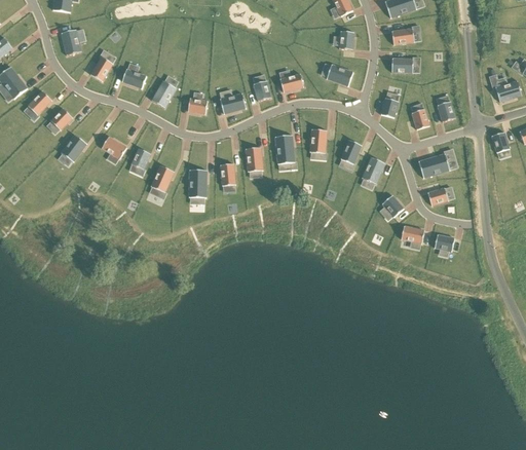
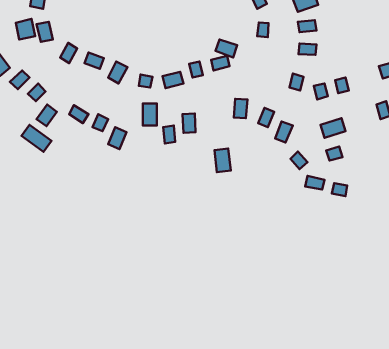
building: none -> [16,19,35,39]
building: [327,64,354,86] -> [215,40,237,57]
building: [274,134,295,163] -> [214,149,231,172]
building: none -> [21,125,51,152]
building: [189,168,206,196] -> [143,104,157,126]

